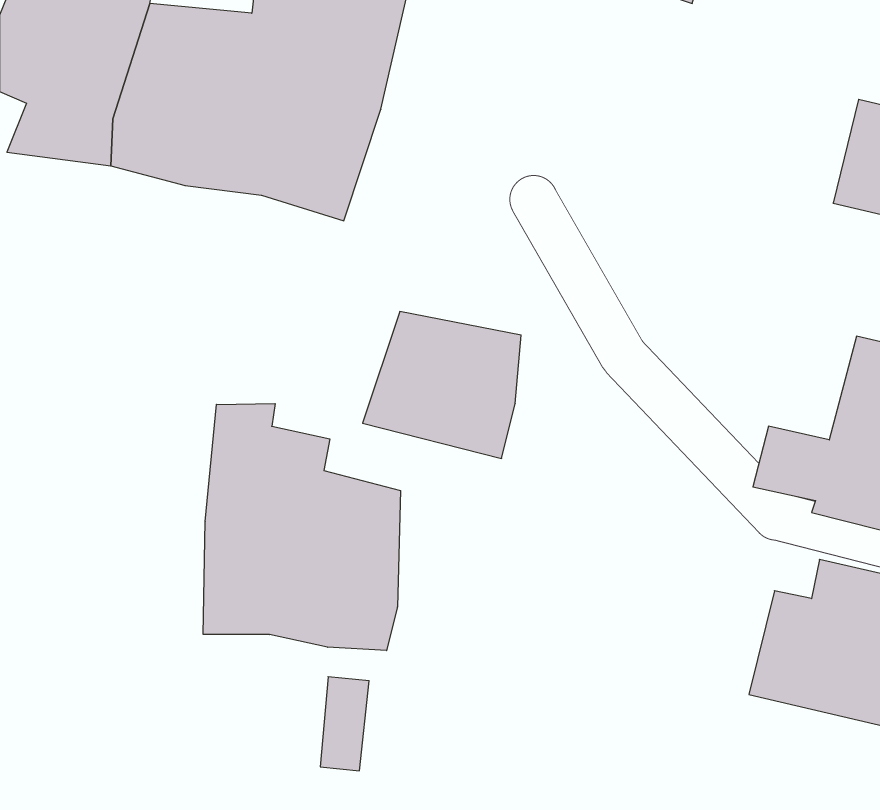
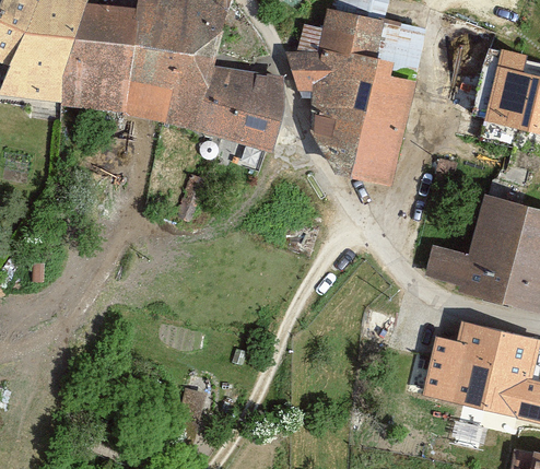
building: none -> [291,13,424,183]
building: [363,312,521,458] -> [193,67,282,149]
building: [203,404,400,651] -> none

